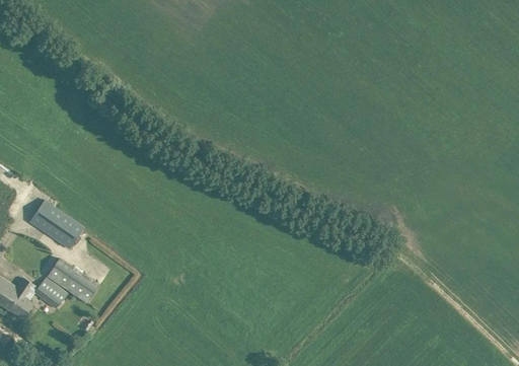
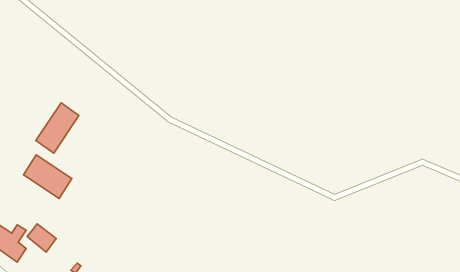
building: none -> [36,103,79,153]
building: [46,258,98,303] -> none

